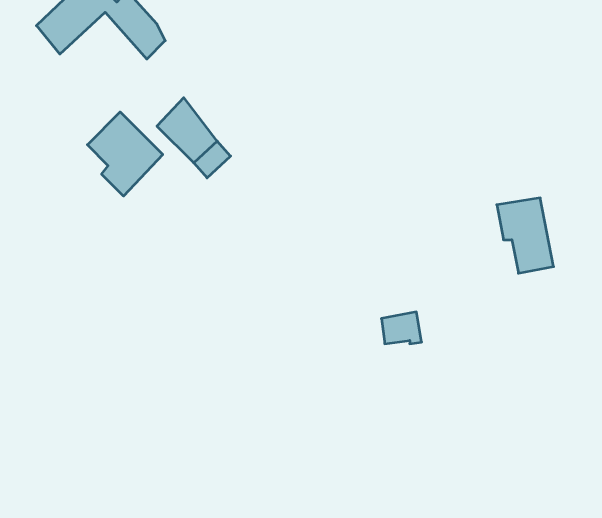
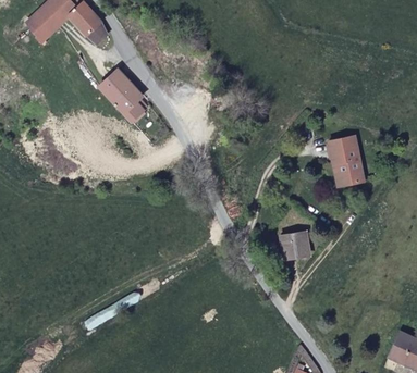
building: [87,112,163,196] -> none
building: [381,312,422,344] -> [287,233,314,253]

